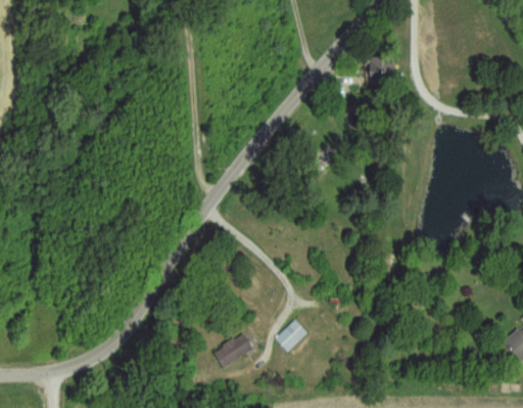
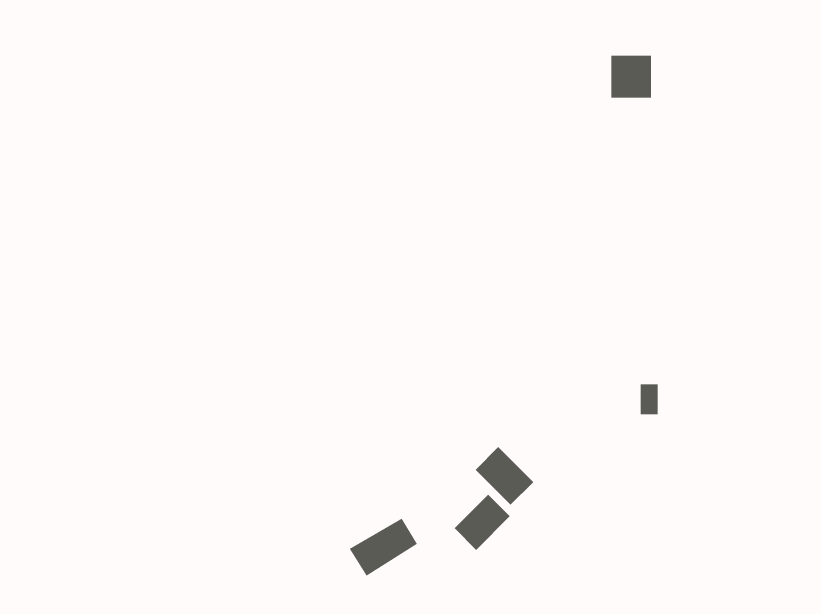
building: none -> [475,446,534,505]

